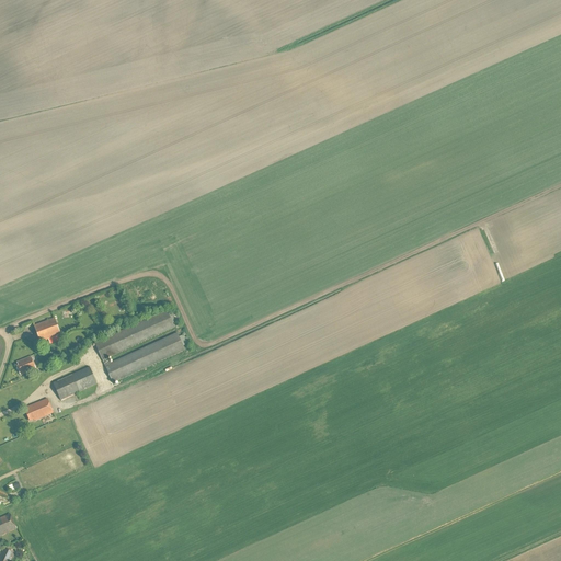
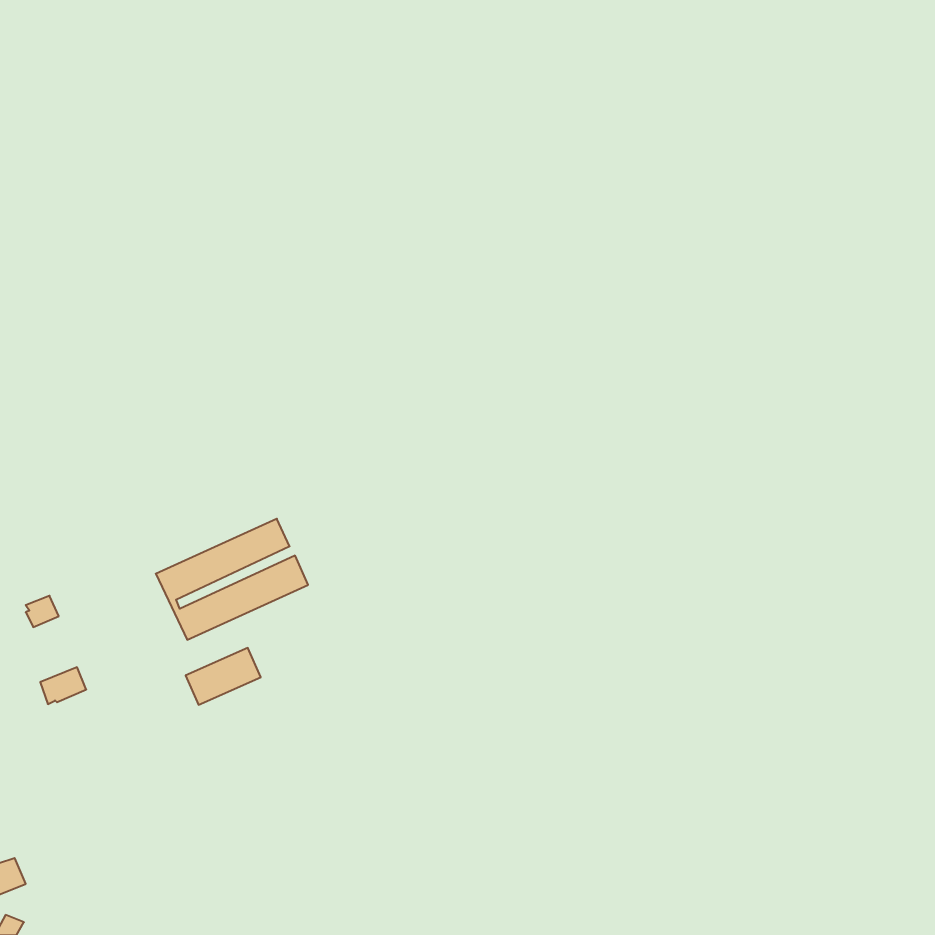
building: [33,318,61,343] -> none
building: [51,366,96,400] -> [186,648,261,705]

